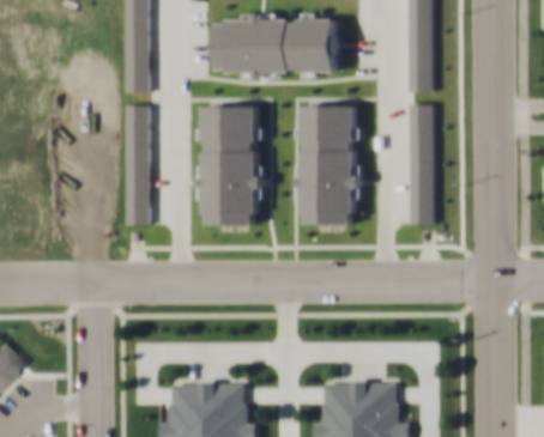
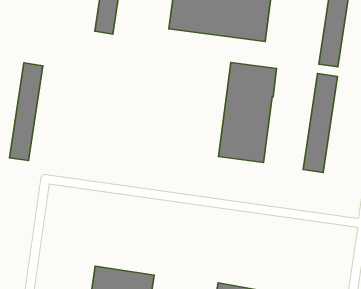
building: [126,105,150,225] -> [10,63,43,161]
building: [198,105,261,226] -> none

